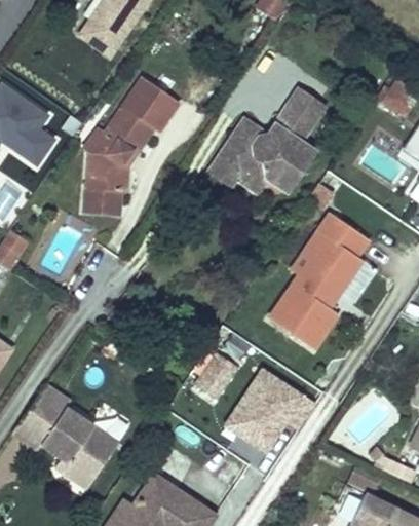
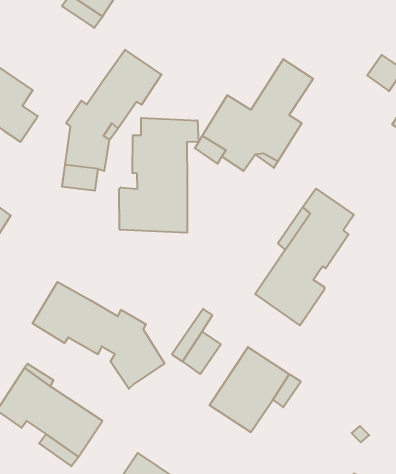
building: none -> [119,118,199,233]
building: none -> [33,282,164,389]

